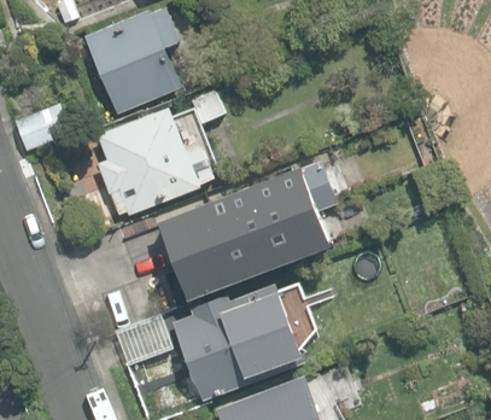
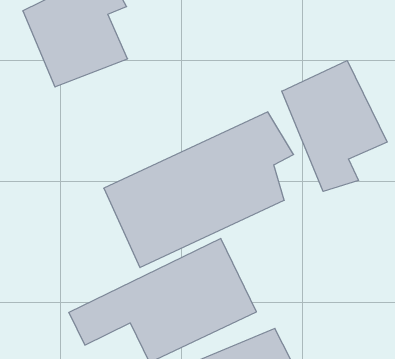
building: [89,111,218,220] -> none
building: none -> [282,61,387,191]

